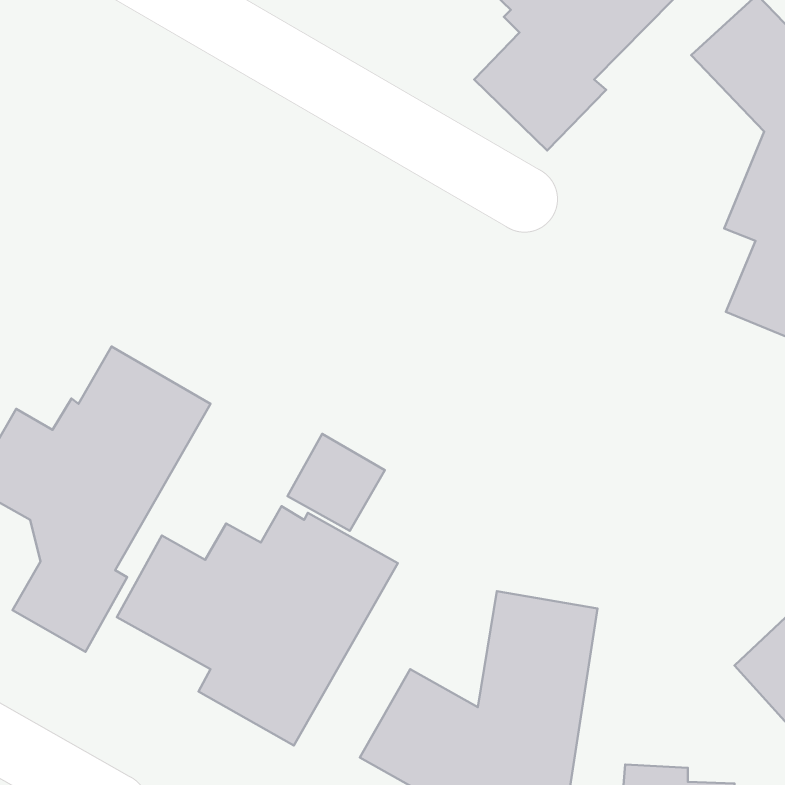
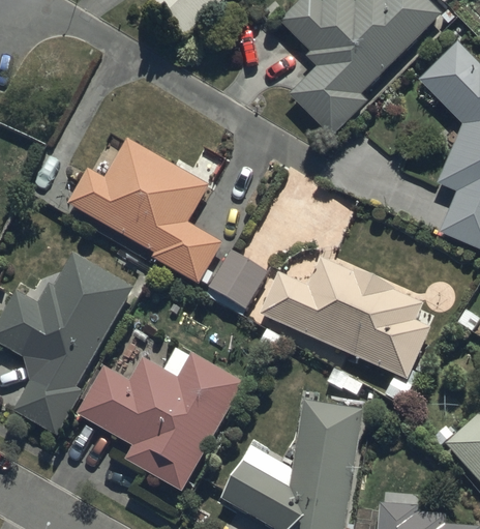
building: none -> [67,137,222,283]
building: none -> [260,257,430,378]
building: [287,434,385,531] -> [209,249,267,307]

